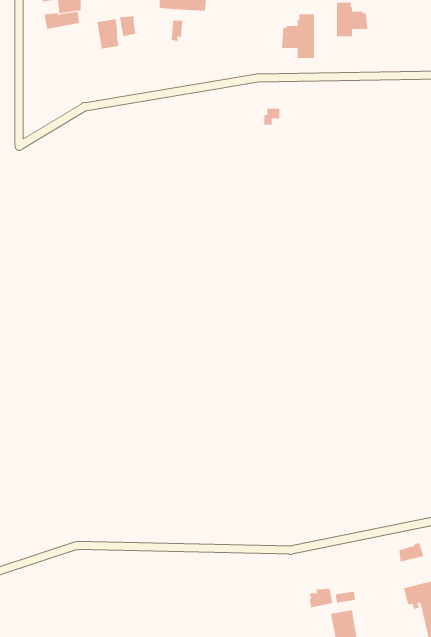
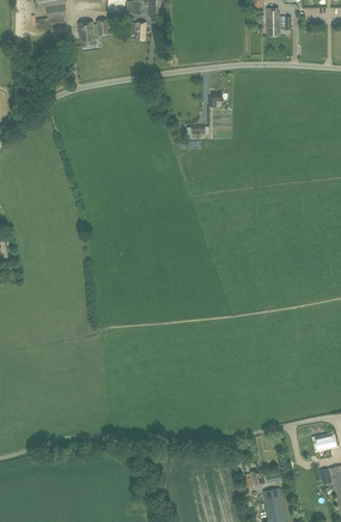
building: [281,13,315,59] -> none

